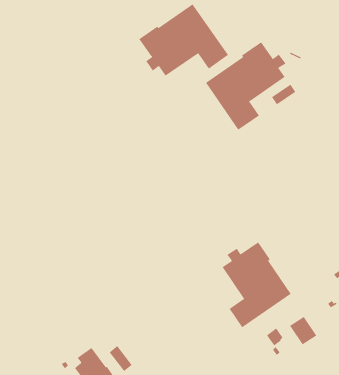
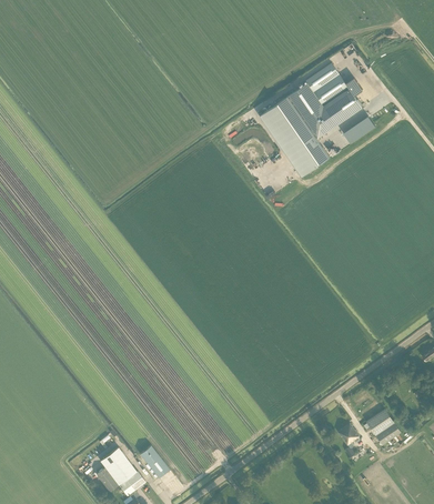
building: [139,4,229,77] -> none
building: [222,241,292,328] -> none

